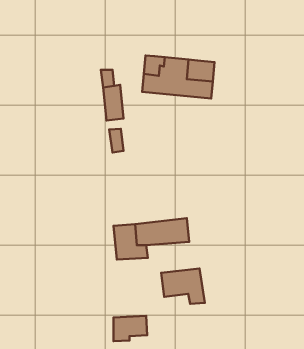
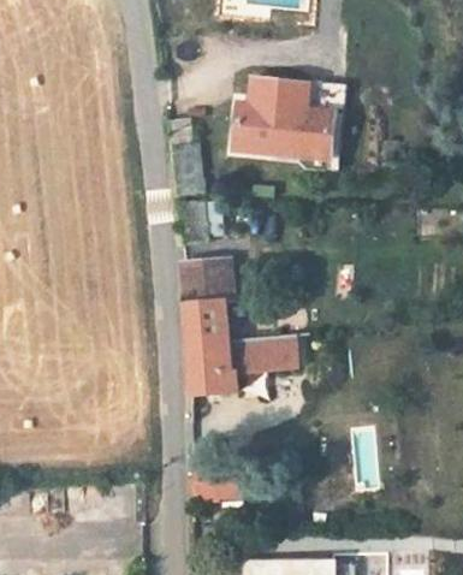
building: none -> [248,77,310,108]
building: none -> [183,259,227,344]
building: [161,269,205,304] -> none

